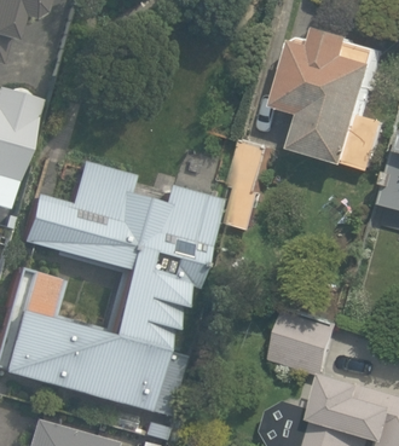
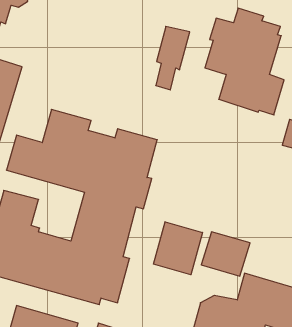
building: [226,139,271,222] -> [156,26,190,90]
building: none -> [154,222,202,275]

